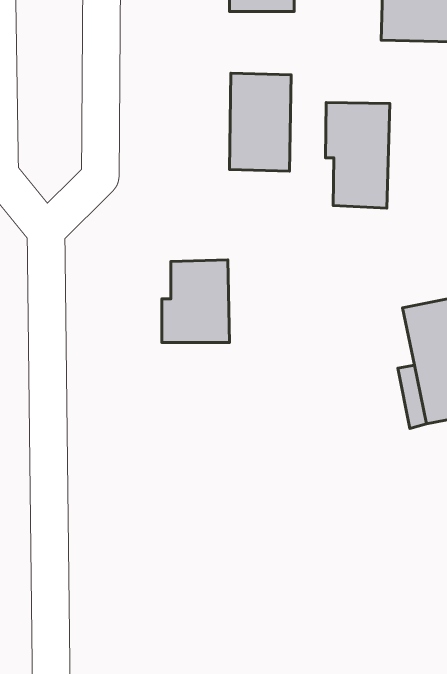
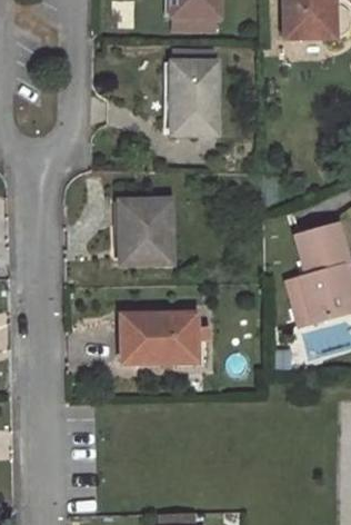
building: [325,102,390,208] -> none
building: none -> [121,316,193,363]

